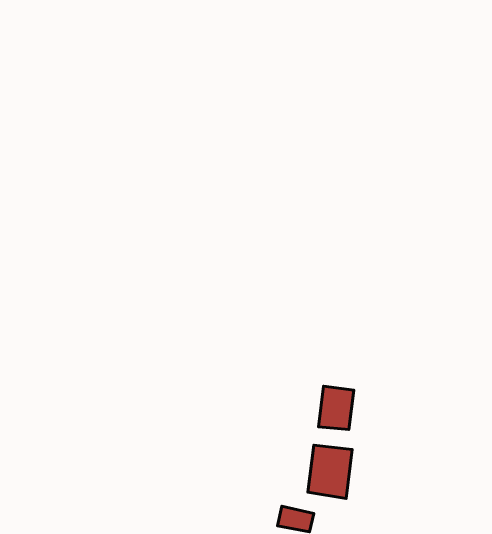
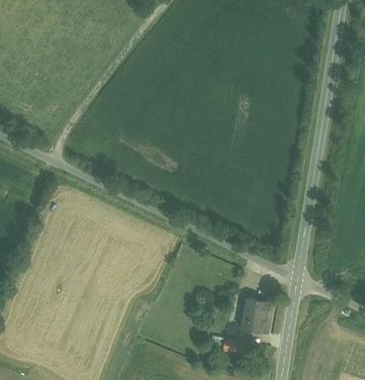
building: [318,386,354,429] -> none

